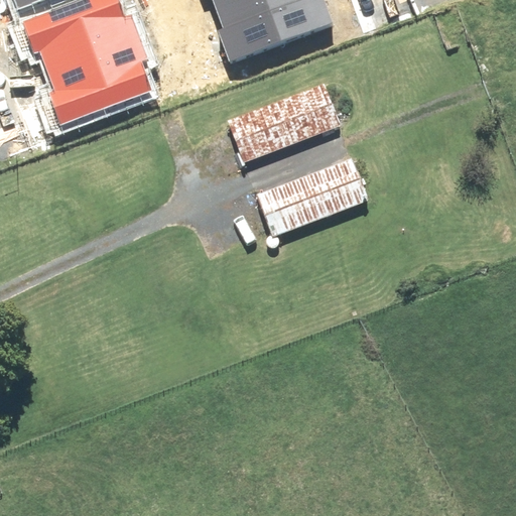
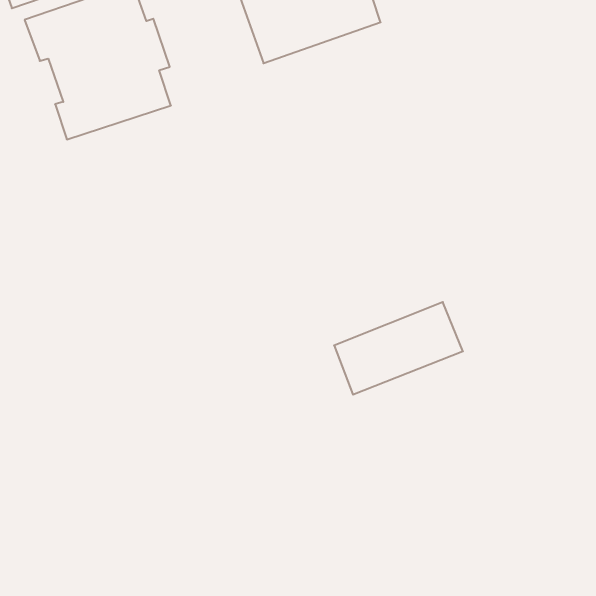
building: [228,84,342,164] -> none
building: [257,159,368,239] -> [334,302,463,395]

